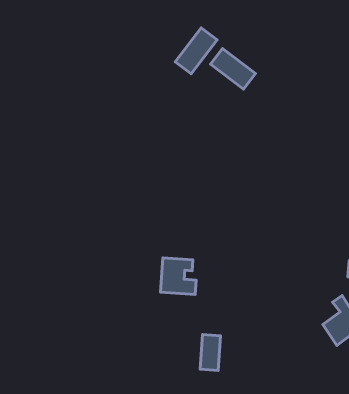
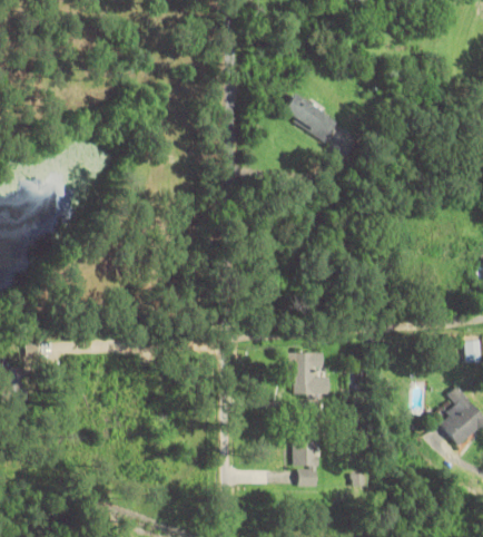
building: [175,28,217,74] -> none
building: [160,258,196,295] -> [289,352,332,394]

